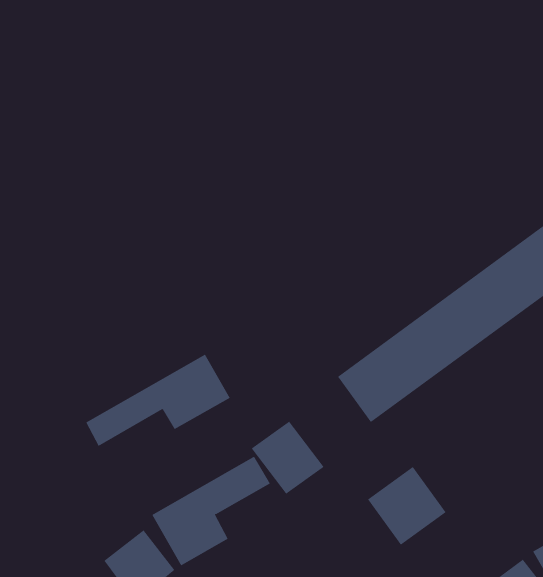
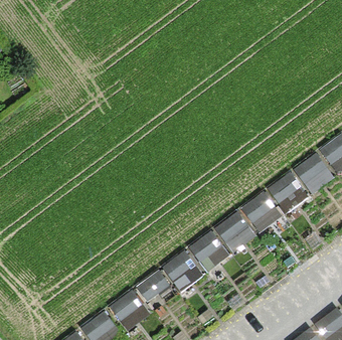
building: [85,354,230,447] -> none
building: [367,466,446,545] -> [186,232,229,276]

